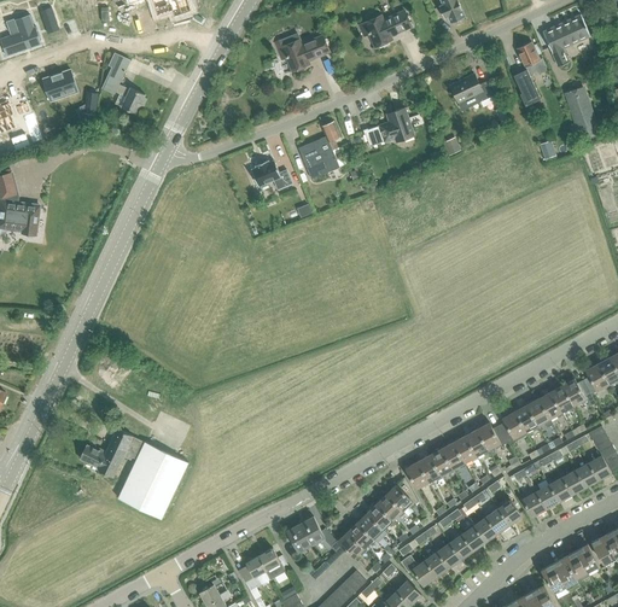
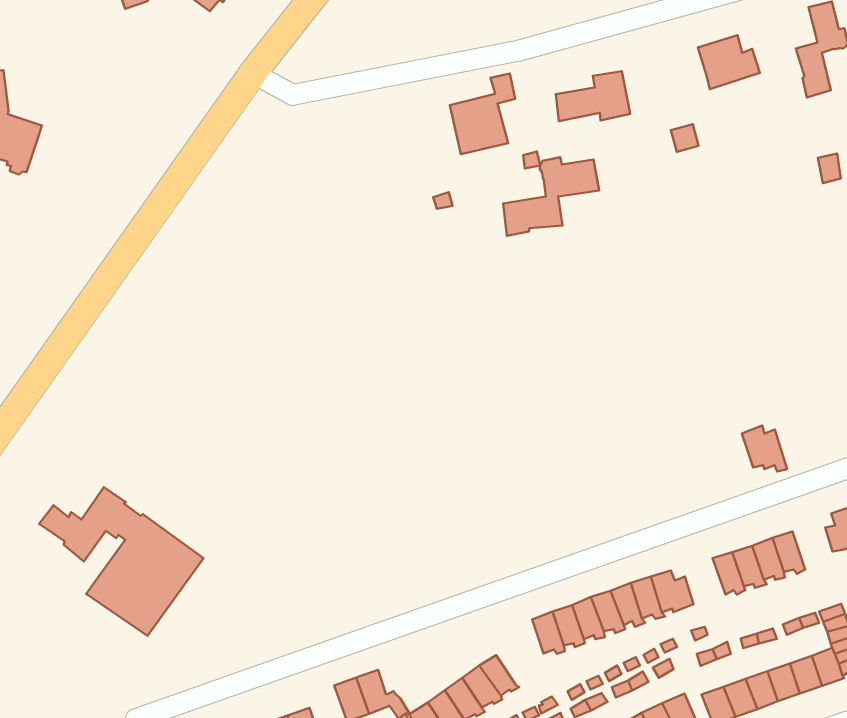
building: [250,160,291,186] -> none
building: none -> [503,157,599,236]
building: [561,378,594,405] -> [742,425,787,471]
building: [497,410,526,444] -> none
building: [385,475,416,512] -> none

